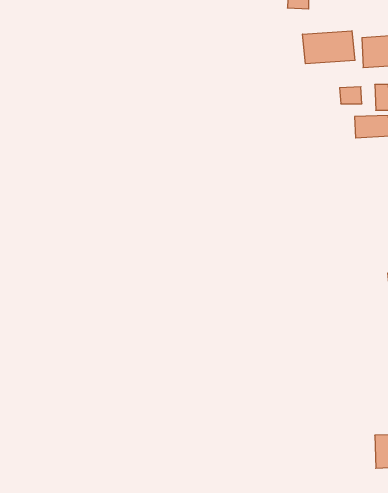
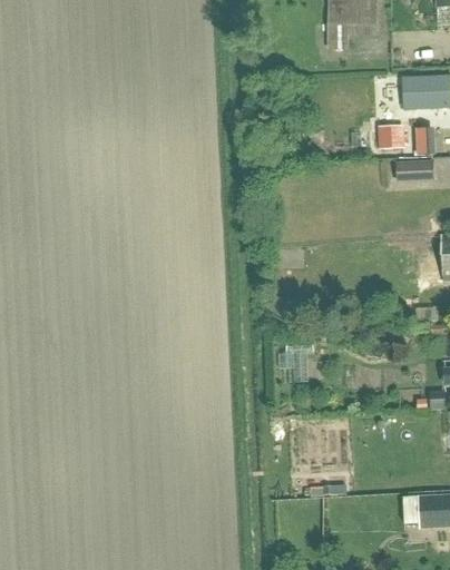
building: [303,31,355,64] -> none

